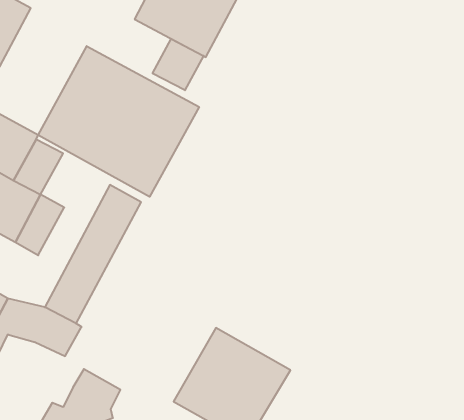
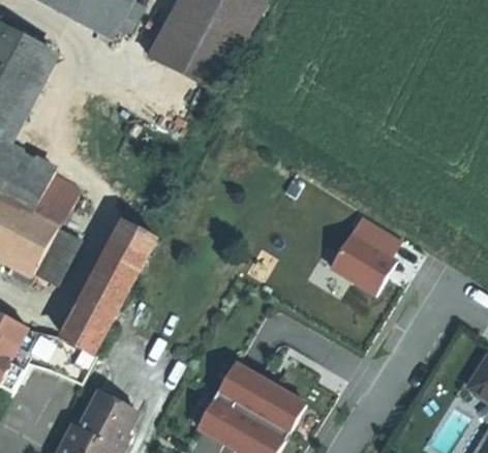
building: [153,39,204,90] -> none
building: [38,46,199,197] -> none
building: none -> [322,209,401,292]

